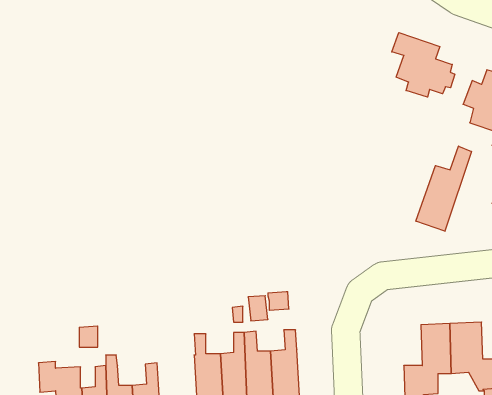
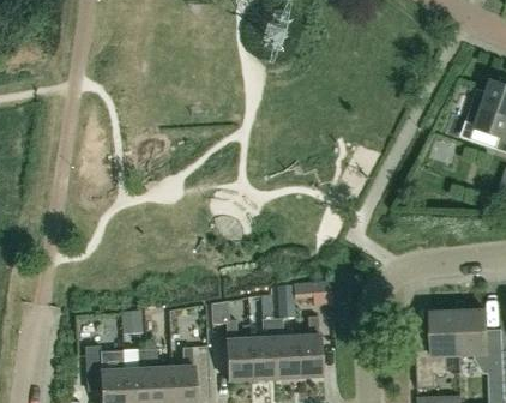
building: [392,33,455,97] -> none
building: [416,146,471,231] -> none

